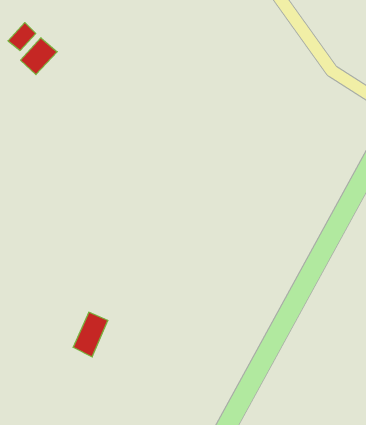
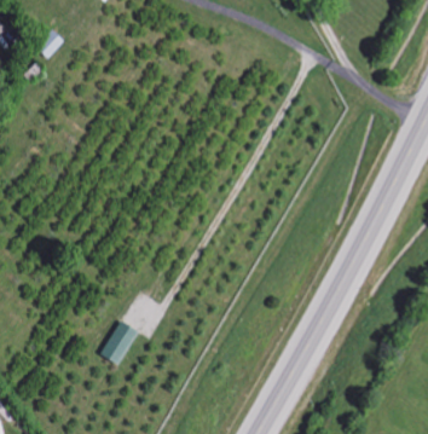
building: [21,38,57,75] -> none

